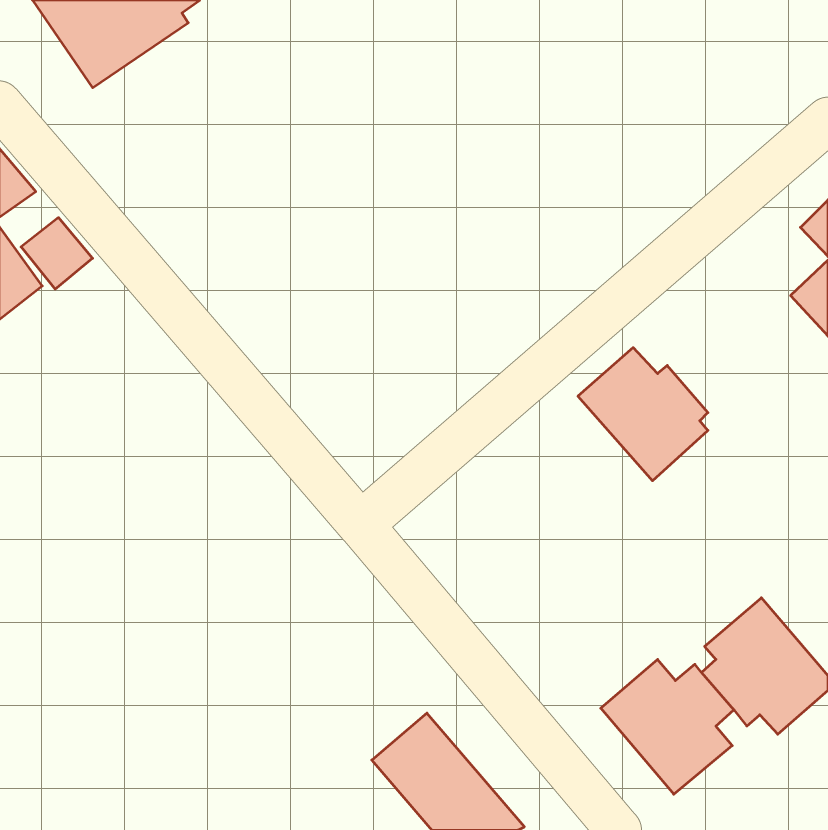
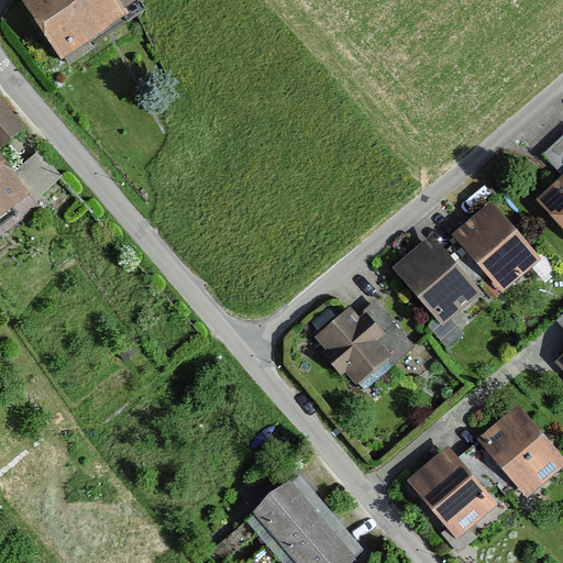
building: none -> [452,201,540,291]
building: none -> [314,302,412,390]

